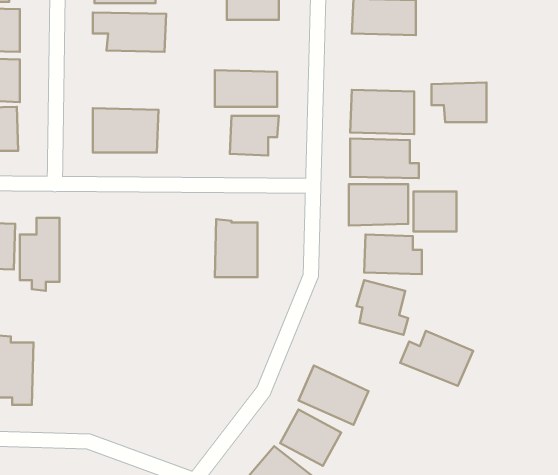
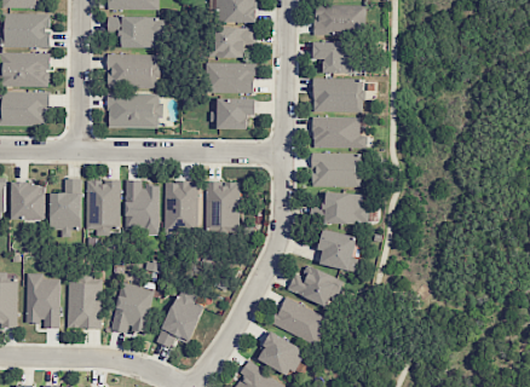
building: none -> [212,27,255,57]
building: none -> [106,53,157,88]
building: [432,82,486,122] -> [312,41,356,73]
building: [413,191,456,232] -> none
building: none -> [86,179,120,232]
building: none -> [125,179,159,235]
building: none -> [163,181,198,231]
building: [400,331,473,386] -> [287,265,345,308]
building: none -> [67,281,100,328]
building: none -> [111,282,154,333]
building: none -> [156,288,203,347]

